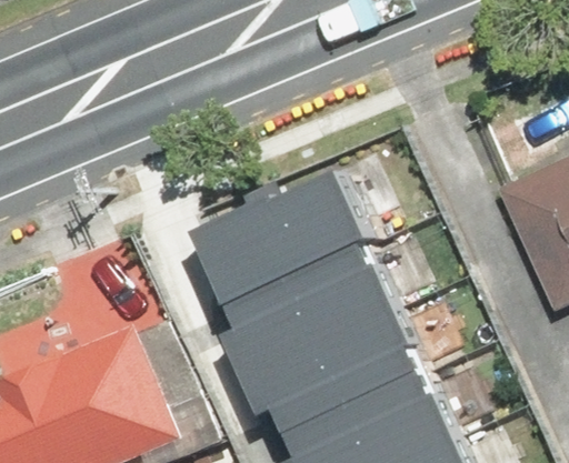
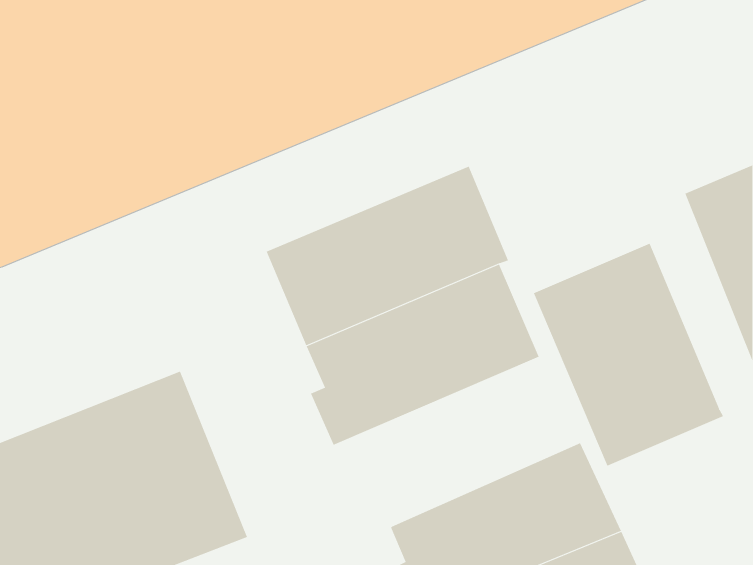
building: none -> [533,243,724,466]
building: [244,309,425,432] -> none

